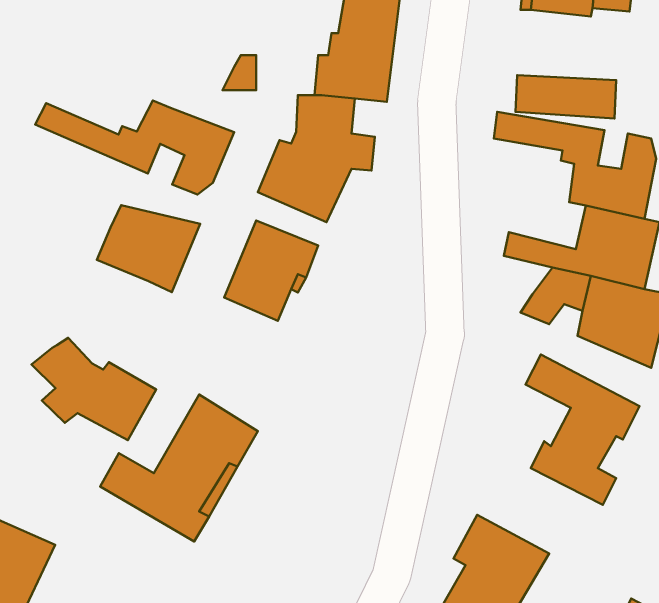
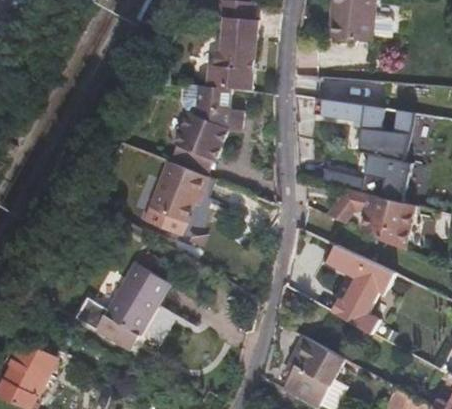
building: [35,100,234,195] -> none
building: [97,205,200,292] -> none
building: [31,338,156,440] -> none

